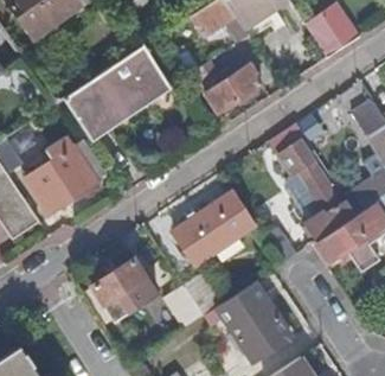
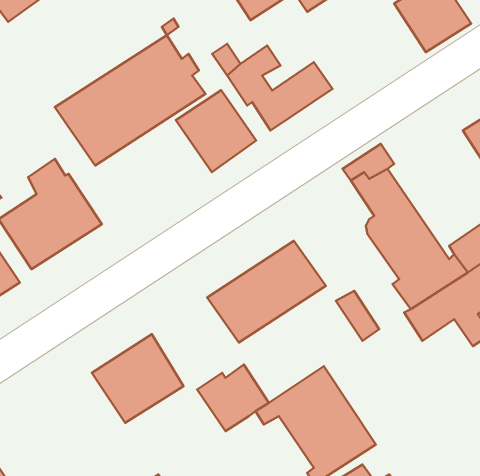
building: none -> [176,90,256,172]

